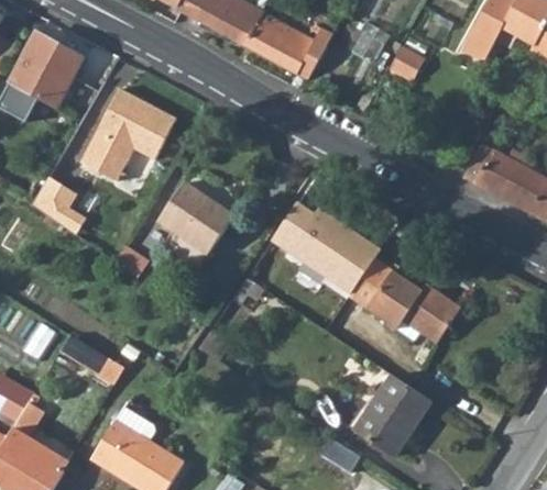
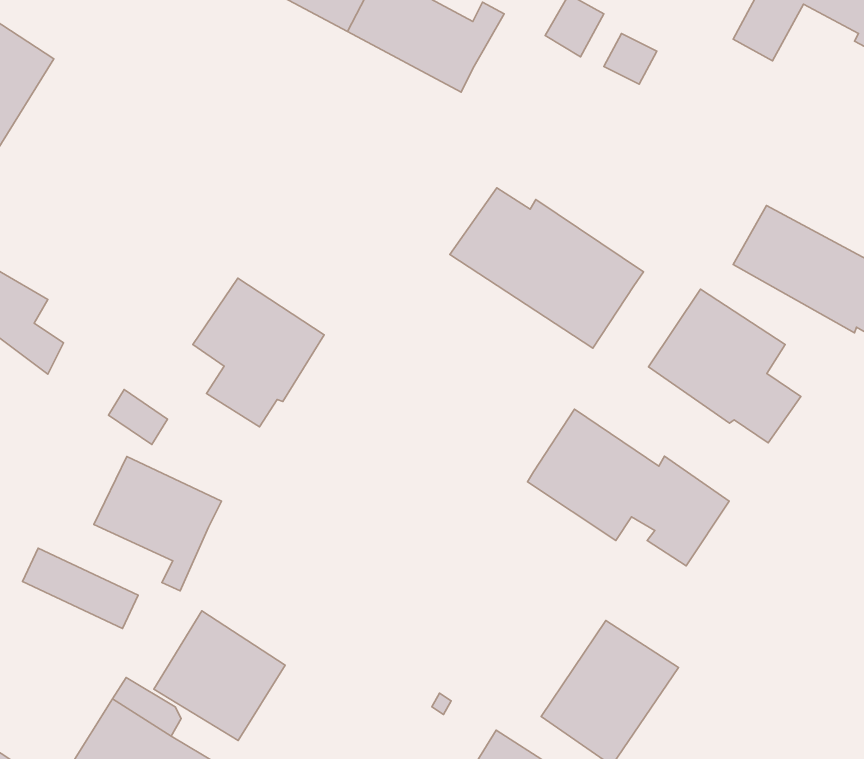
building: [79,87,175,180] -> none
building: none -> [649,289,801,443]
building: [270,202,379,292] -> [450,188,644,348]
building: none -> [94,457,221,591]
building: none -> [154,611,285,741]

